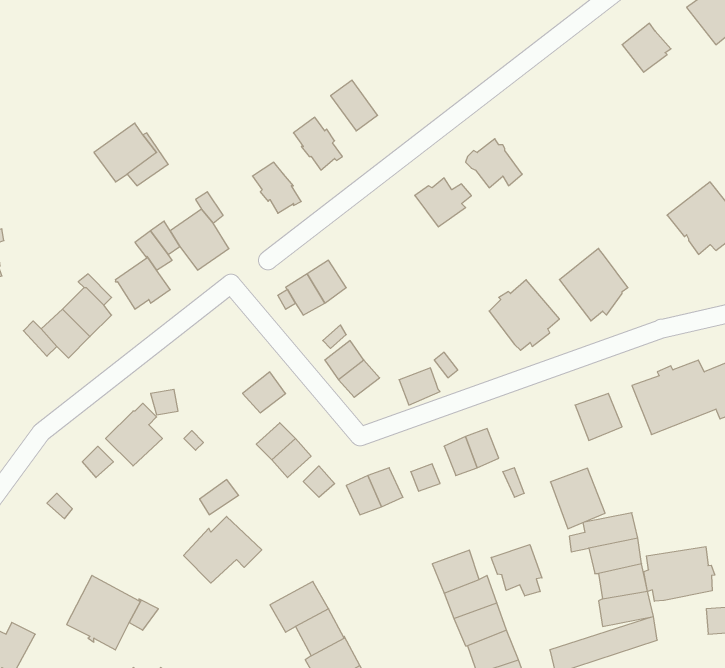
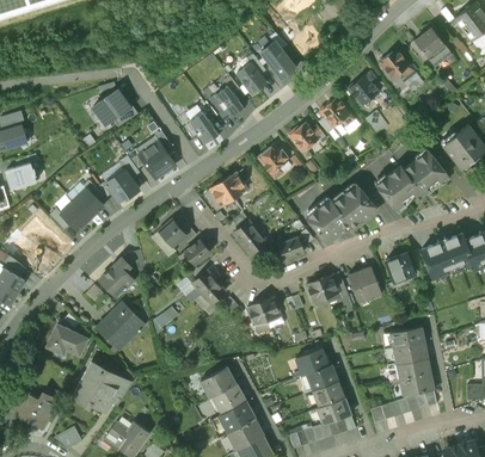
building: none -> [258,39,296,79]
building: none -> [377,47,412,76]
building: none -> [348,72,379,105]
building: none -> [257,144,288,179]
building: none -> [404,149,447,192]
building: none -> [306,198,349,241]
building: none -> [158,218,196,247]
building: [550,468,605,529] -> [348,266,381,303]
building: none -> [47,325,87,356]
building: [184,516,262,583] -> [97,304,145,345]
building: [491,545,542,596] -> none
building: [644,547,715,601] -> none

